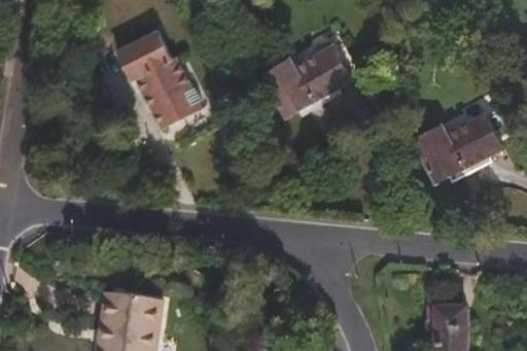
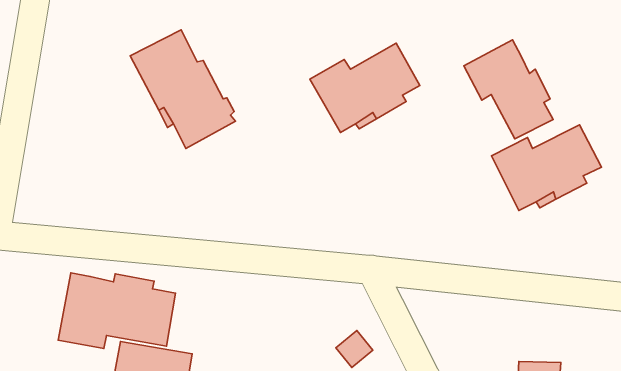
building: none -> [464,40,553,139]
building: none -> [58,273,175,348]

